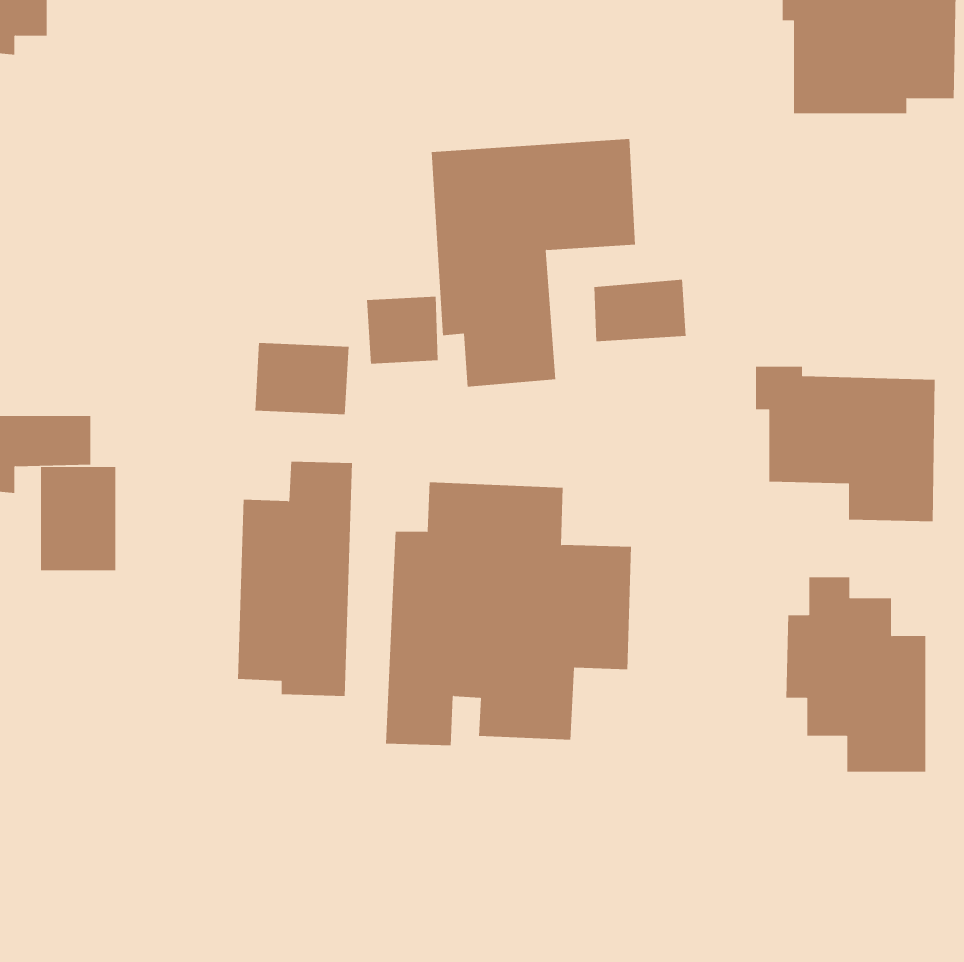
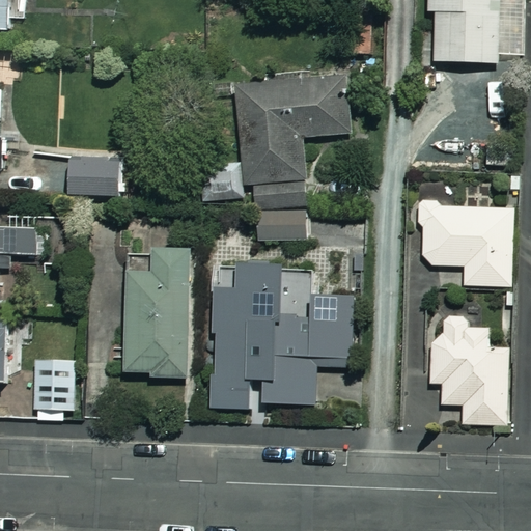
building: [594,279,687,342] -> [255,207,306,242]
building: [254,343,349,415] -> [66,158,118,197]
building: [40,466,116,571] -> [34,360,76,417]

